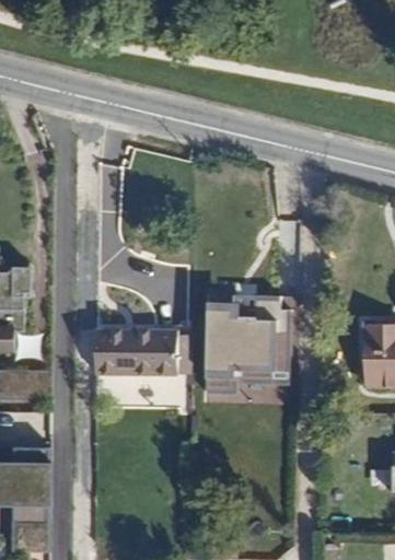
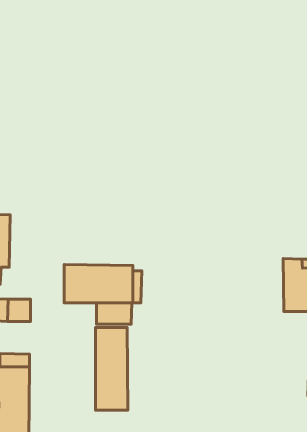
building: [204,302,284,393] -> none
building: none -> [95,328,128,410]

